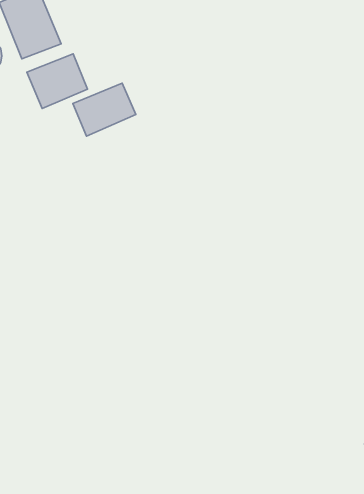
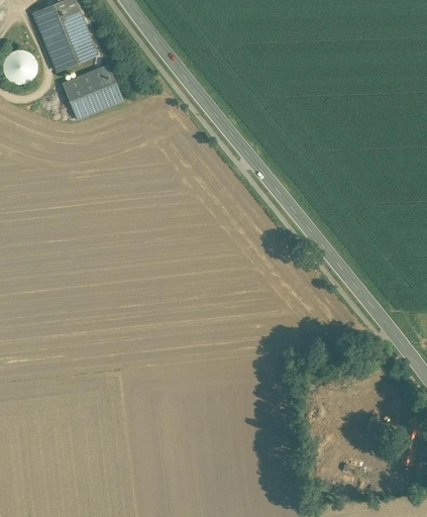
building: [73,83,136,136] -> none

